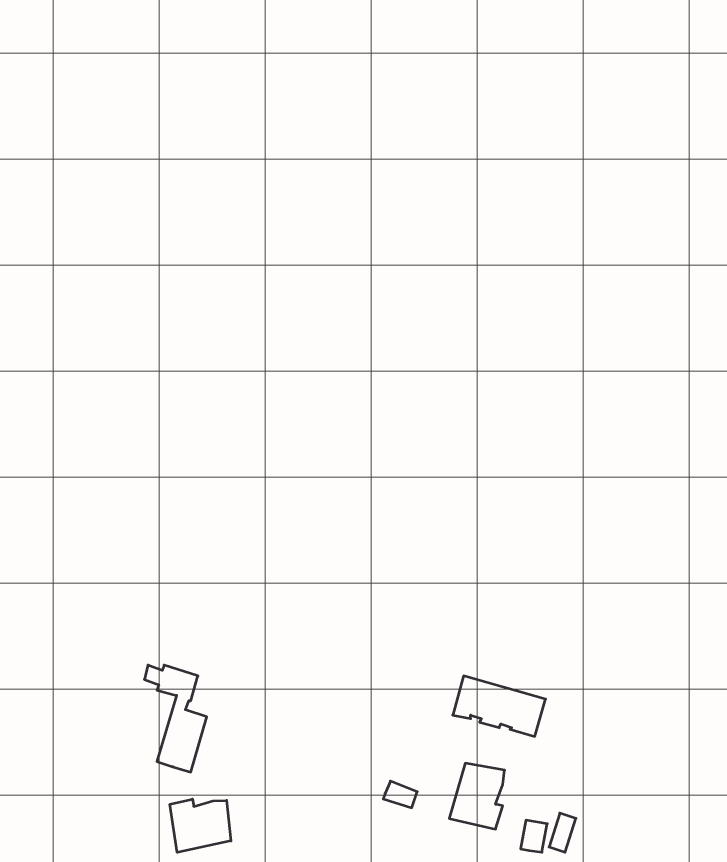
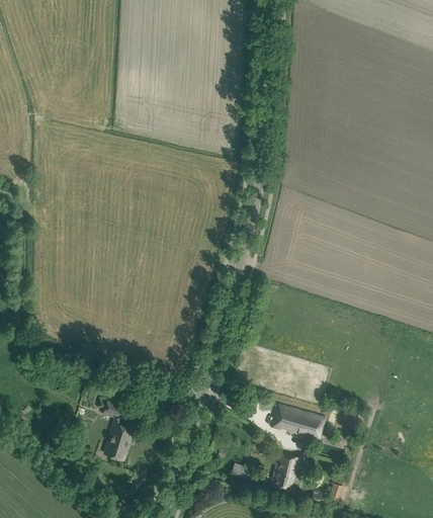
building: [170,799,231,852] -> none

